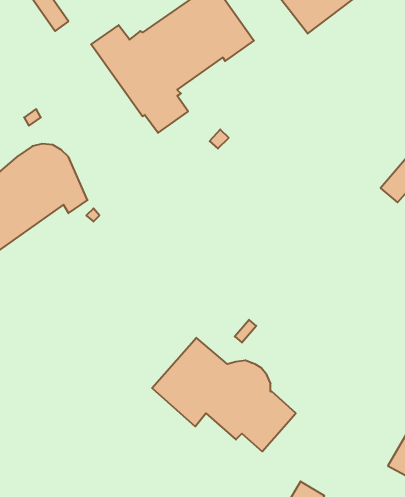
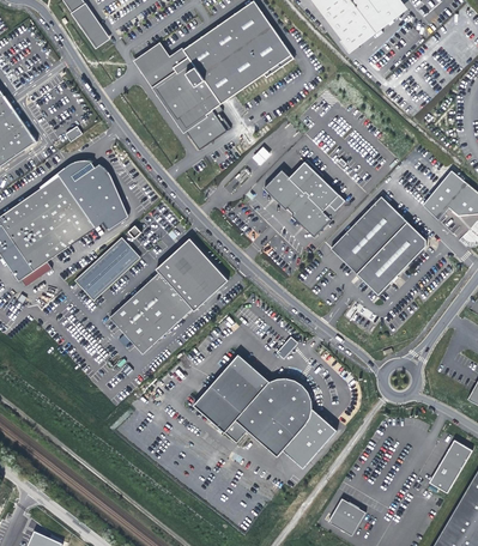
building: none -> [262,159,344,237]
building: none -> [331,196,425,295]
building: none -> [74,238,139,299]
building: none -> [108,238,228,354]

